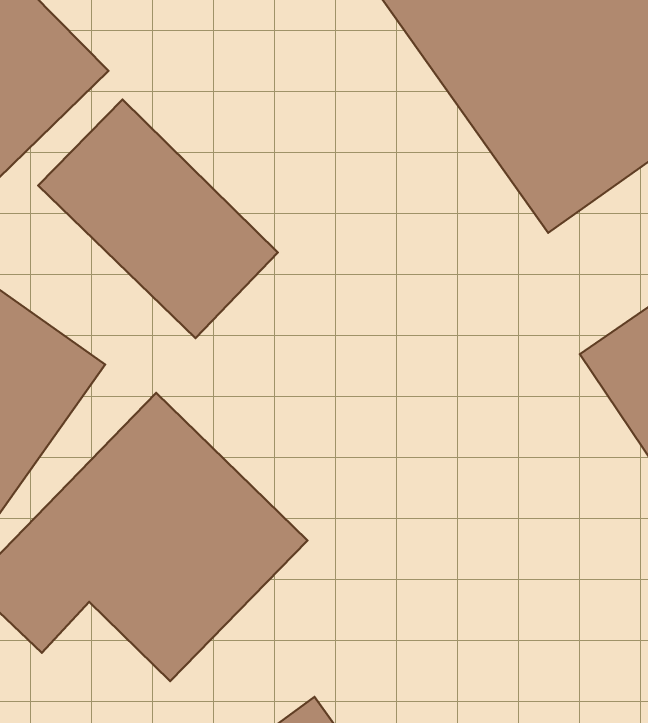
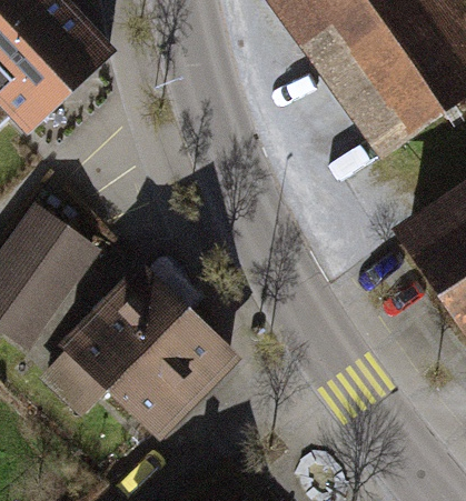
building: [38,100,278,338] -> none

